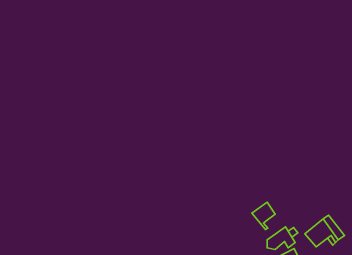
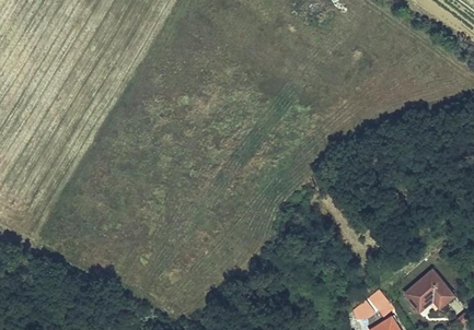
building: [252,202,275,230] -> none

